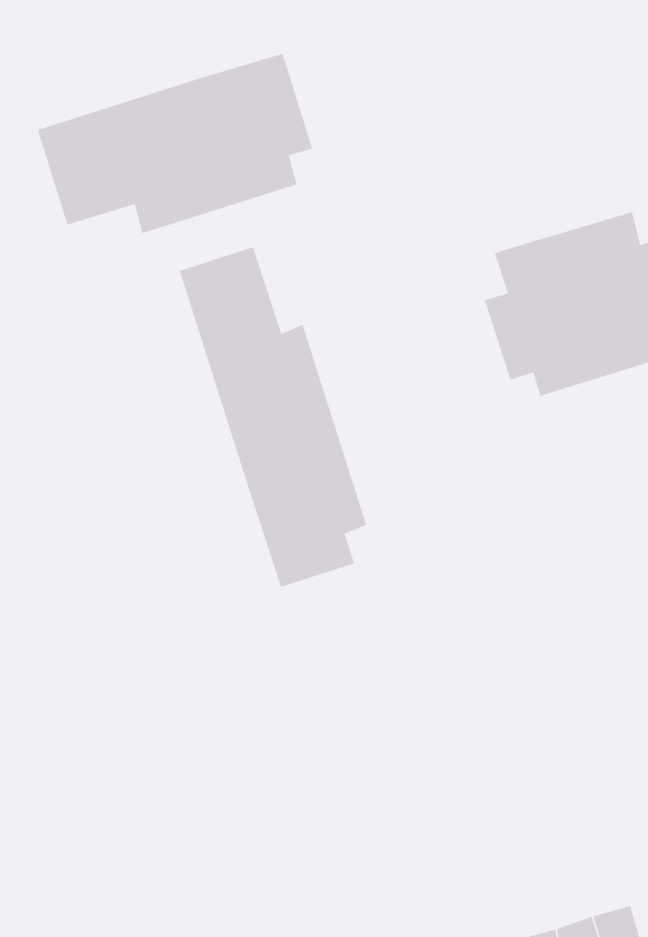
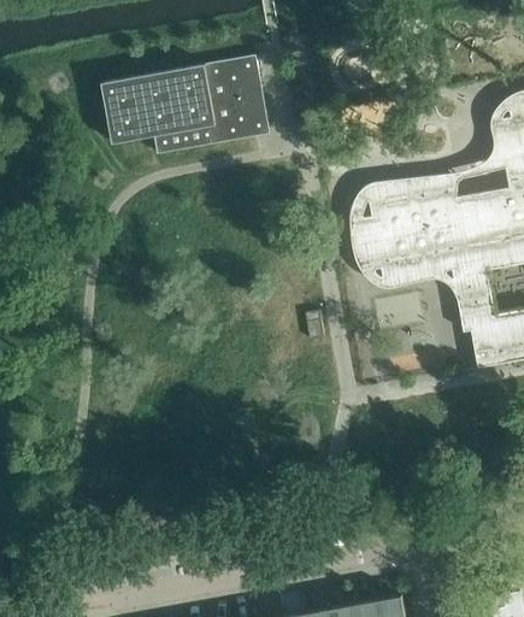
building: [179,246,367,588] -> none

